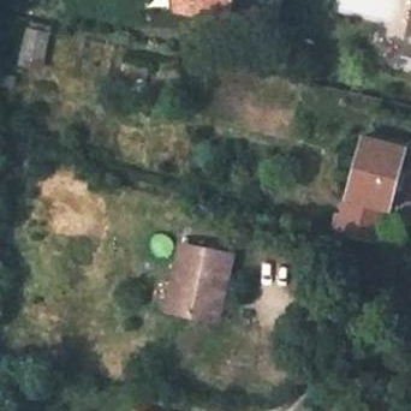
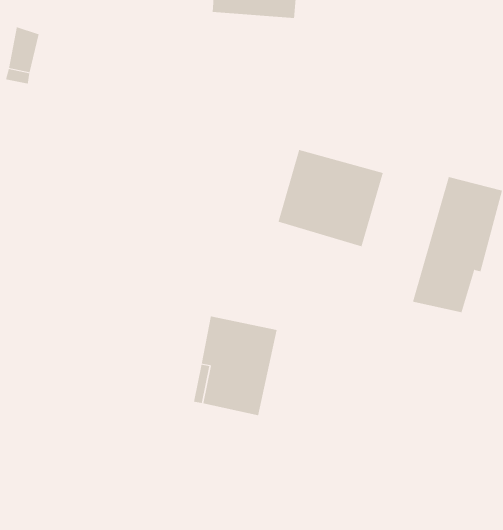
building: none -> [278,149,383,247]

